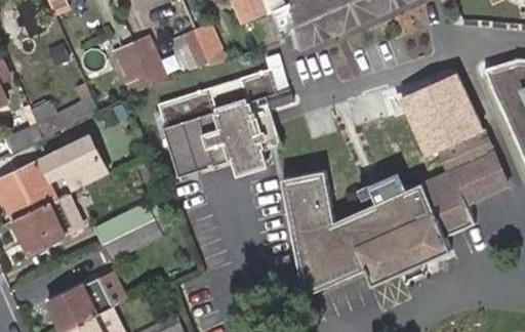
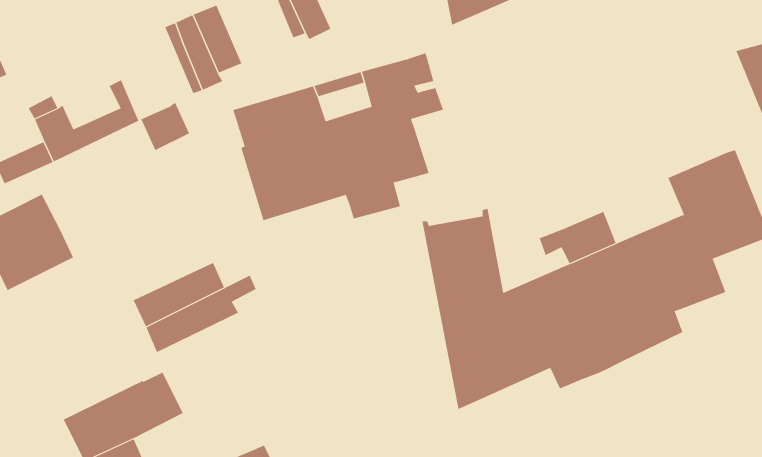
building: [400,71,484,154] -> none
building: [36,130,112,191] -> none
building: [13,195,82,252] -> none

